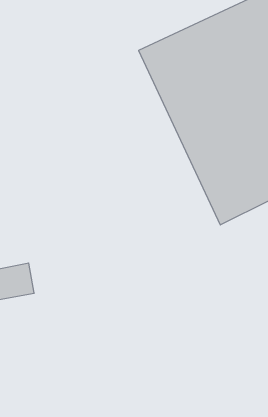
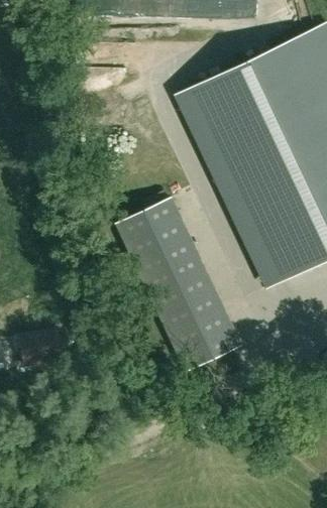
building: none -> [119,198,242,375]

